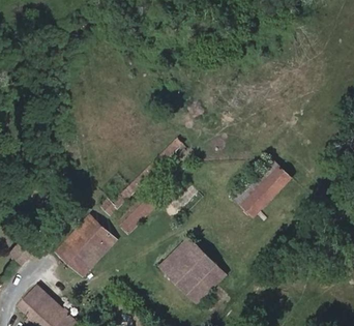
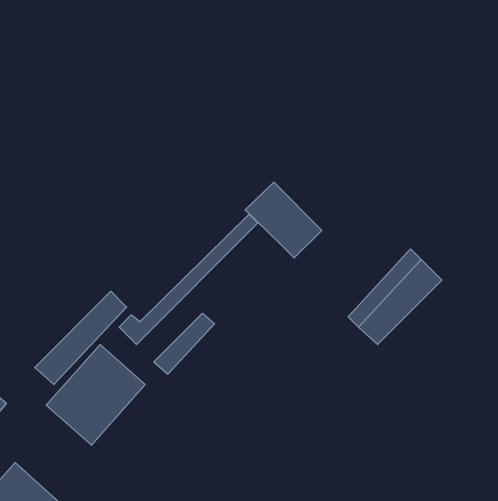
building: none -> [245,182,322,258]
building: none -> [35,291,127,385]
building: [161,237,227,302] -> none

